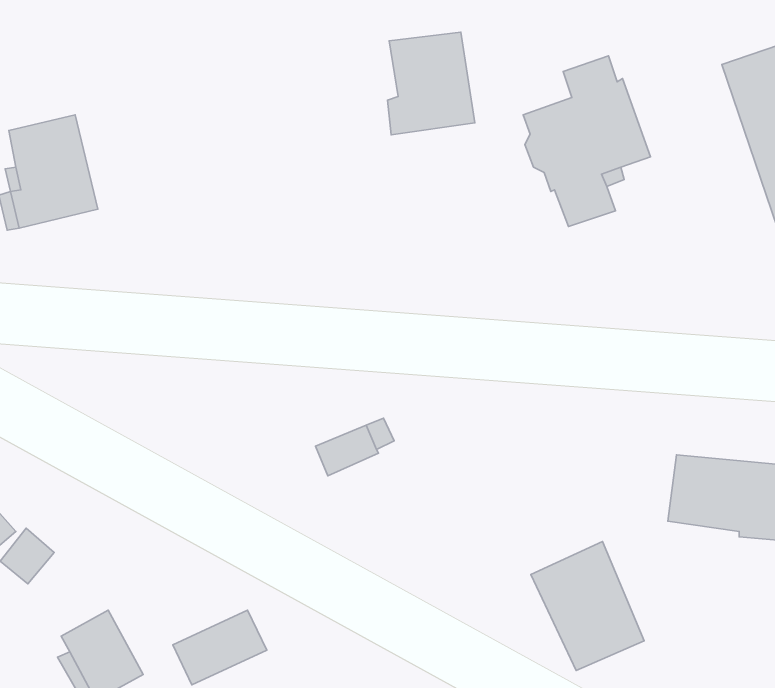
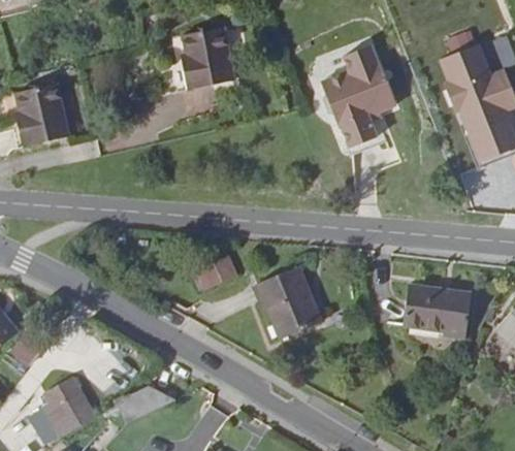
building: [388,32,475,135] -> [181,29,232,90]
building: [531,541,644,670] -> [253,271,320,348]

